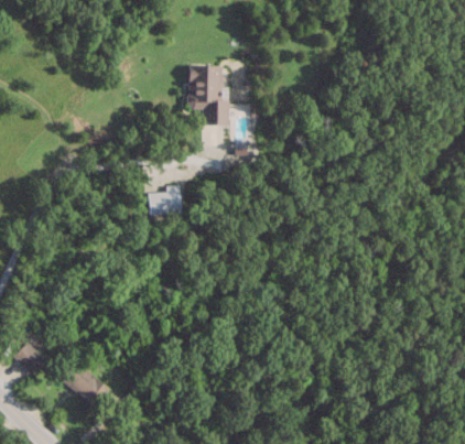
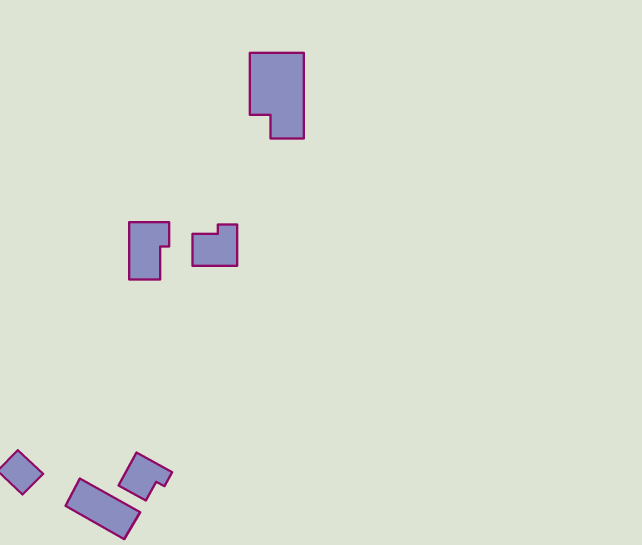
building: none -> [129,222,169,279]
building: none -> [119,453,172,501]

